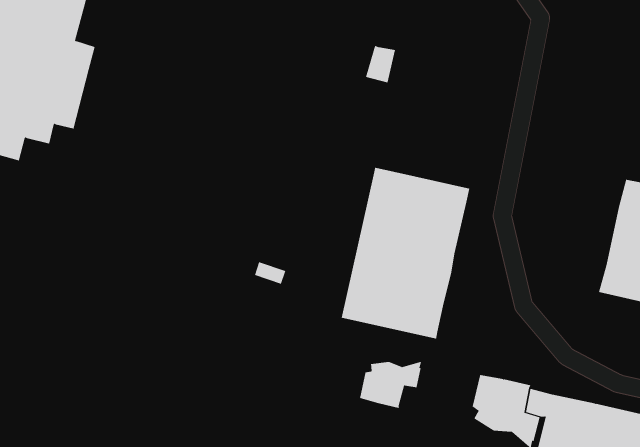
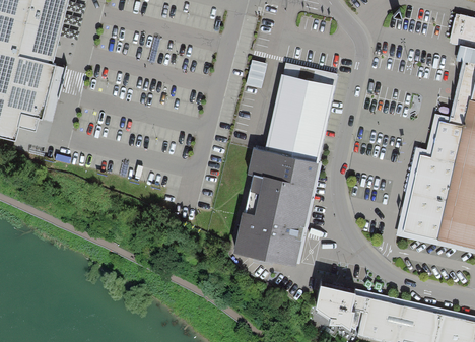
building: none -> [266,65,335,161]
building: [359,361,422,409] -> none

